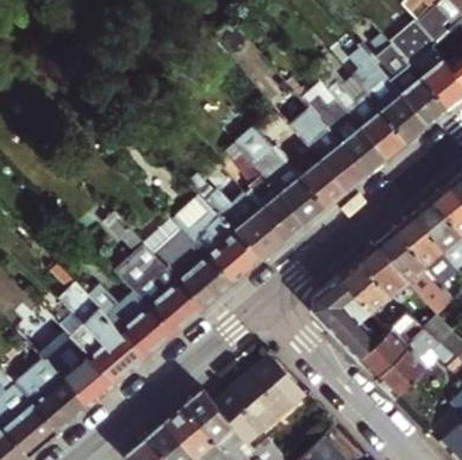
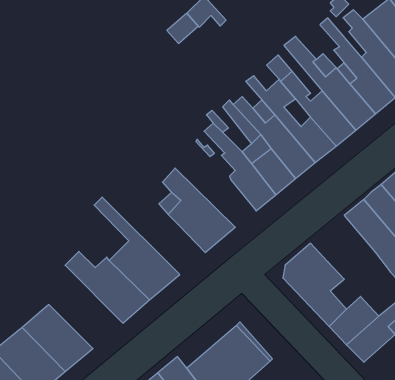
building: [181,168,285,257] -> none
building: [126,218,232,306] -> none
building: [341,245,408,329] -> none
building: [63,286,148,383] -> none

